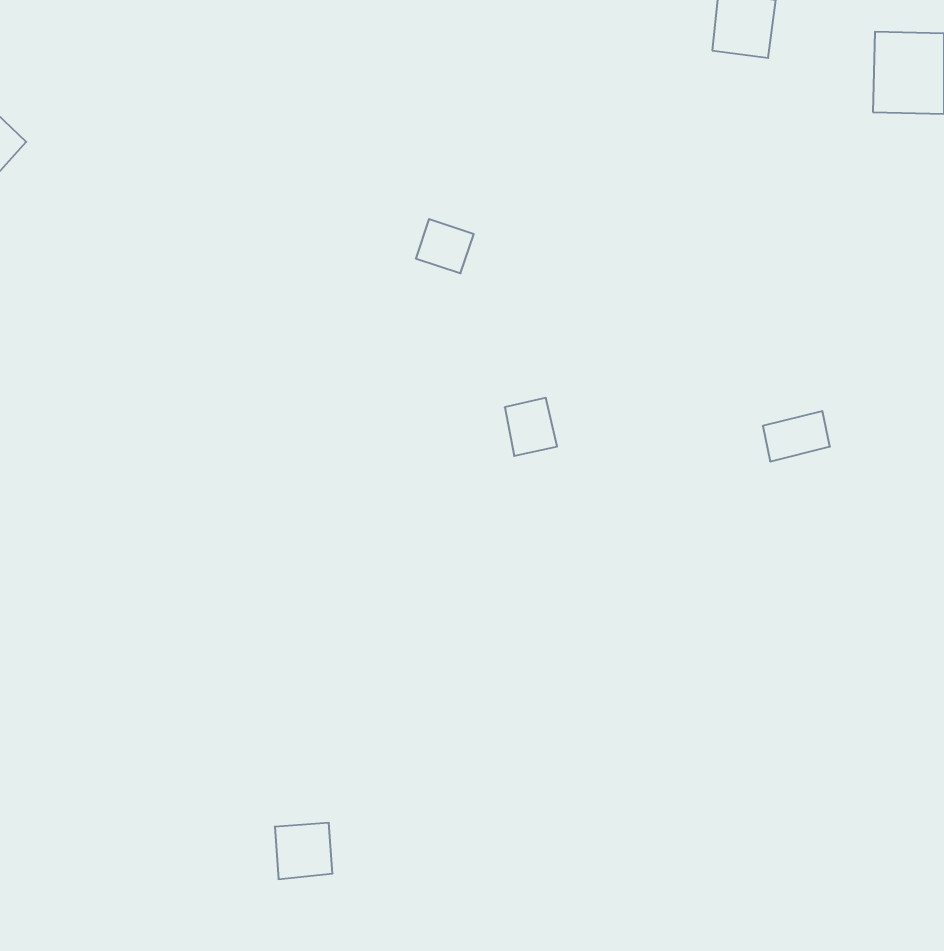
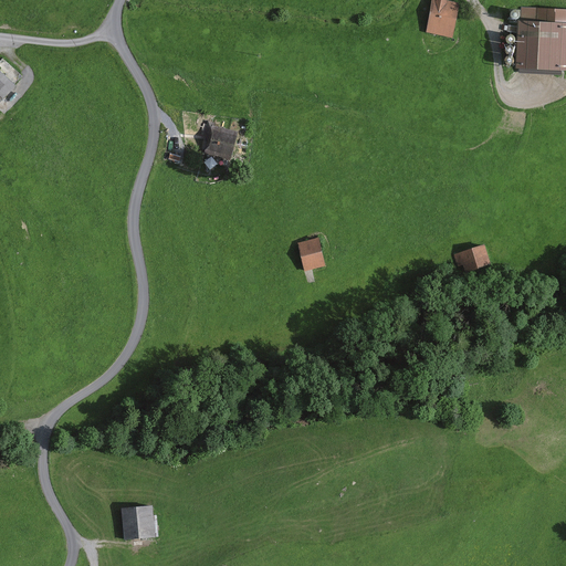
building: [416,219,474,273] -> [207,126,241,158]
building: [275,823,333,879] -> [120,505,155,538]

